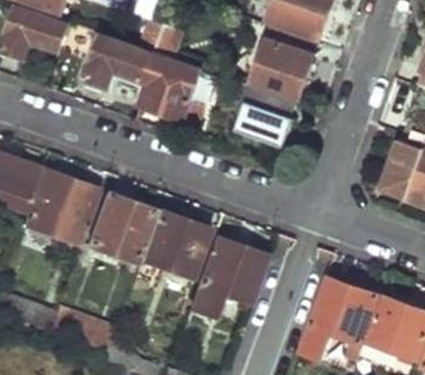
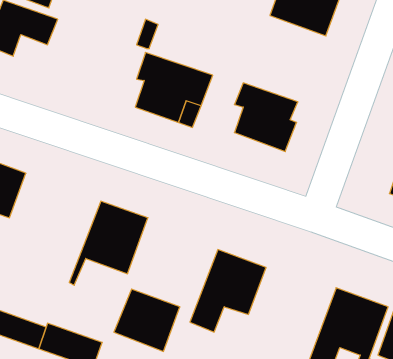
building: [66,26,150,92] -> none
building: [244,27,318,99] -> none
building: [21,170,101,246] -> none
building: [146,211,208,270] -> [114,289,180,351]

